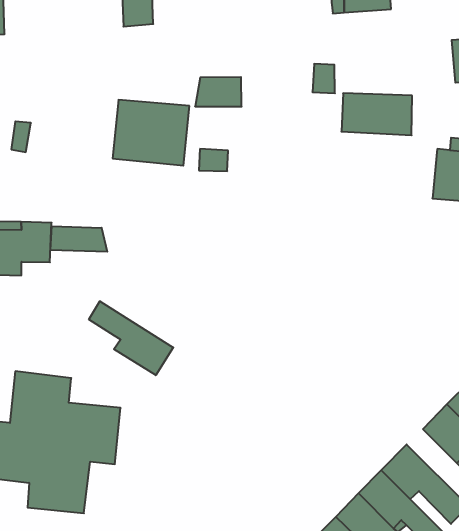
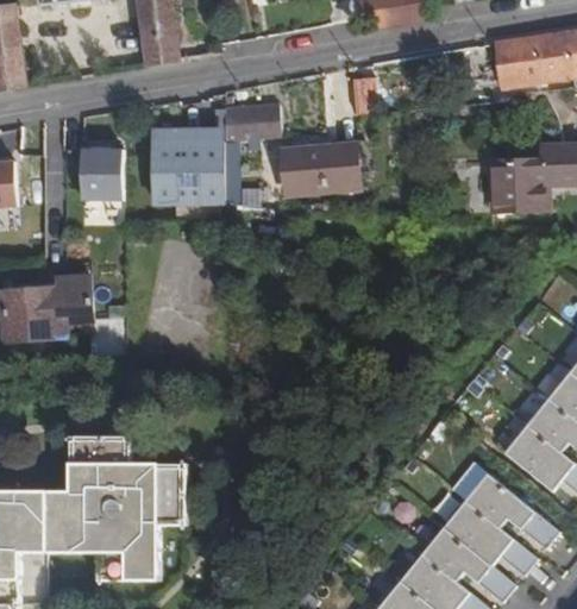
building: [341,93,412,135] -> [283,145,359,190]
building: none -> [80,149,124,200]
building: [50,226,107,252] -> none
building: [89,301,173,375] -> none

